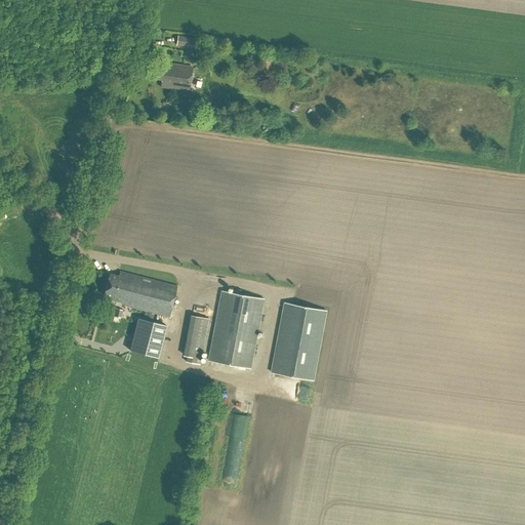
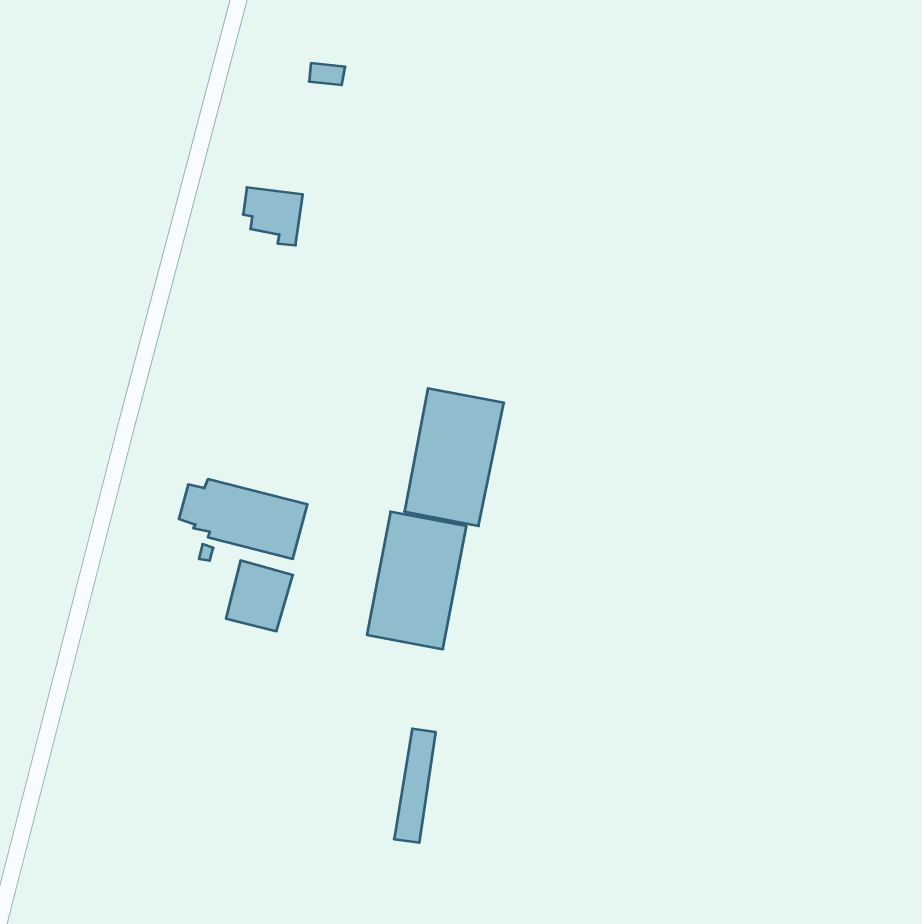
building: [156,64,190,96] -> [243,187,303,245]
building: [271,302,327,380] -> [404,388,504,526]
building: [181,315,207,359] -> none

